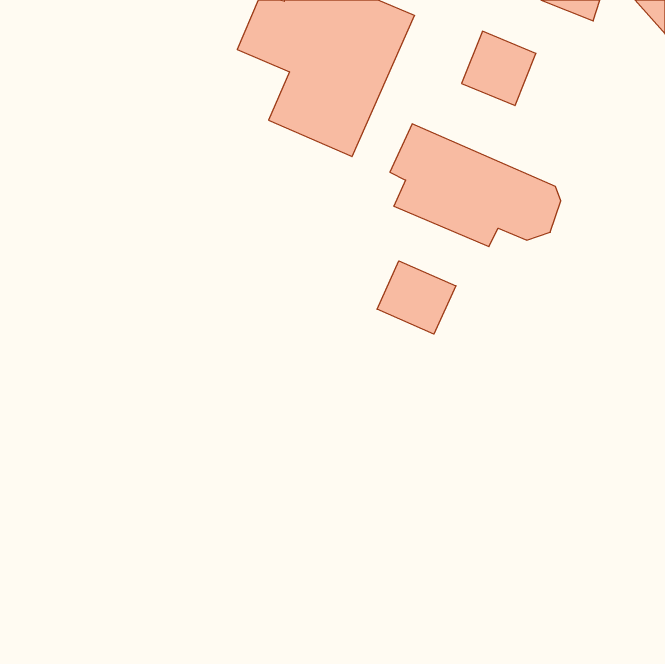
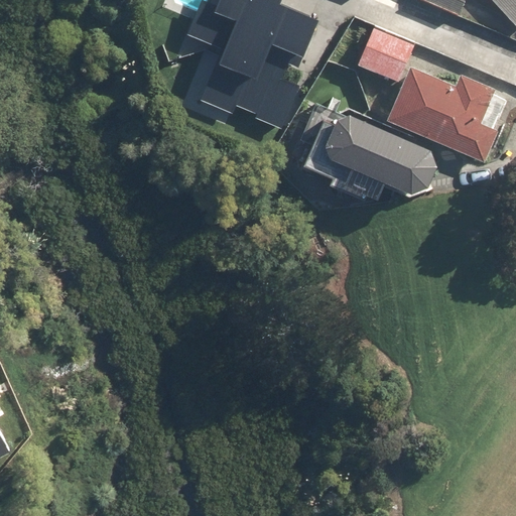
building: none -> [384,67,510,164]
building: [377,261,456,334] -> none

